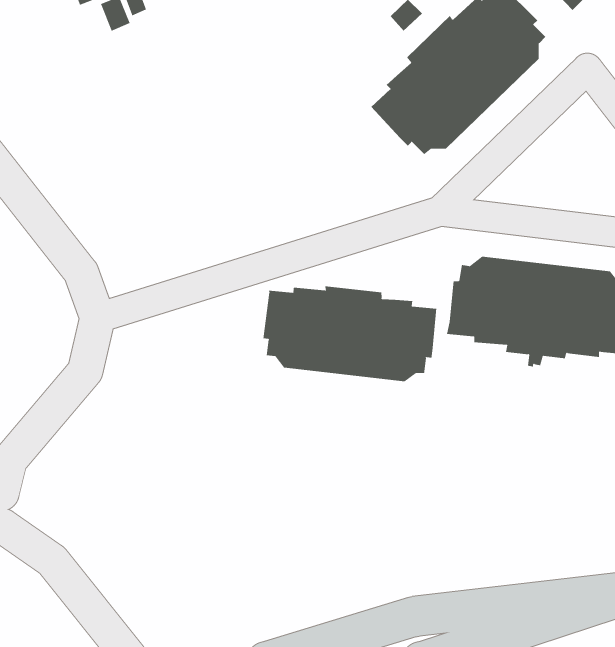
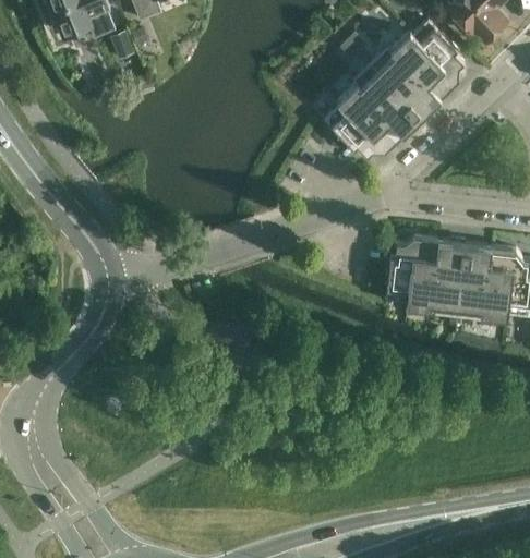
building: [263,285,437,382] -> none

